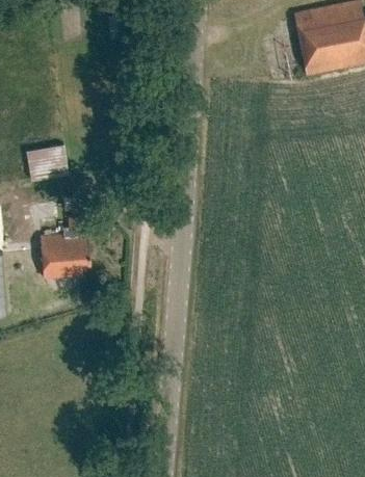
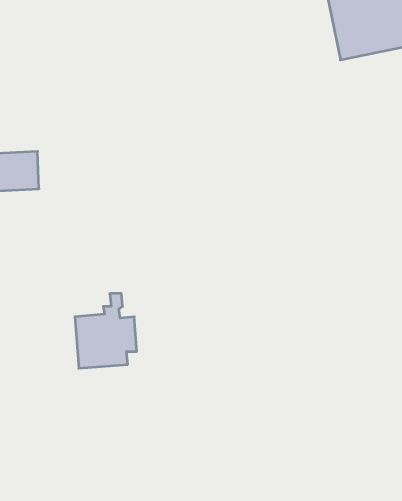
building: [42,219,92,280] -> [75,294,137,368]

